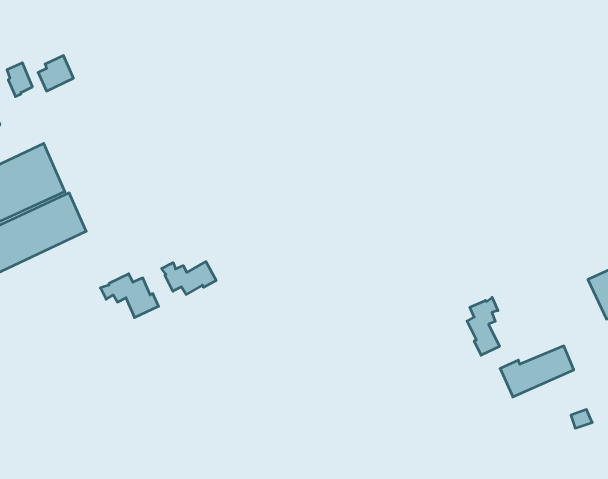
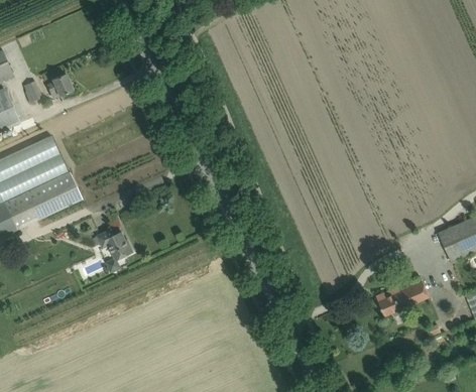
building: [162,262,216,294] -> none
building: [467,297,499,355] -> none

